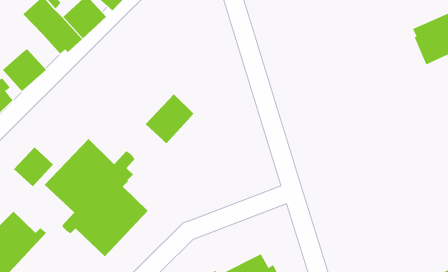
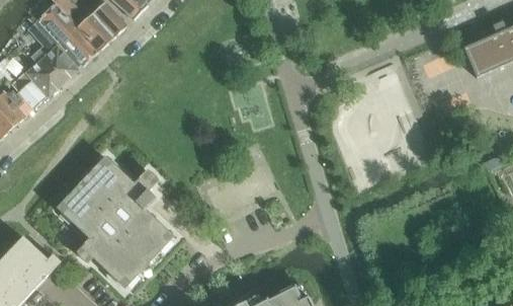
building: none -> [29,22,78,83]
building: [145,93,194,144] -> none
building: [13,146,54,187] -> none

